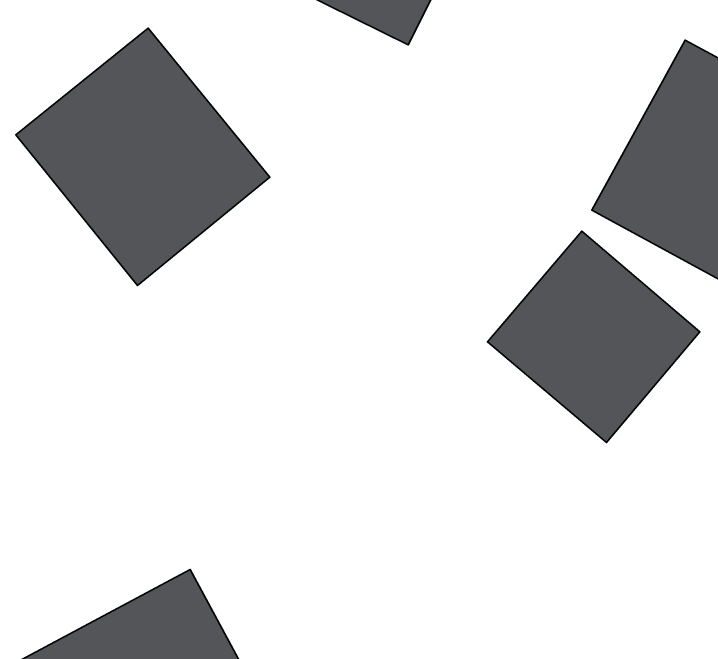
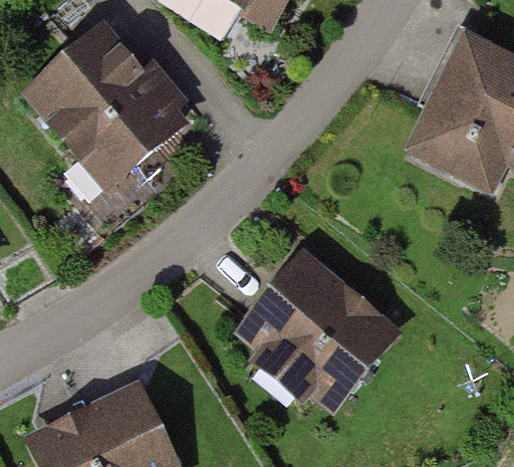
building: [487,231,700,442] -> none
building: none -> [232,250,408,423]

